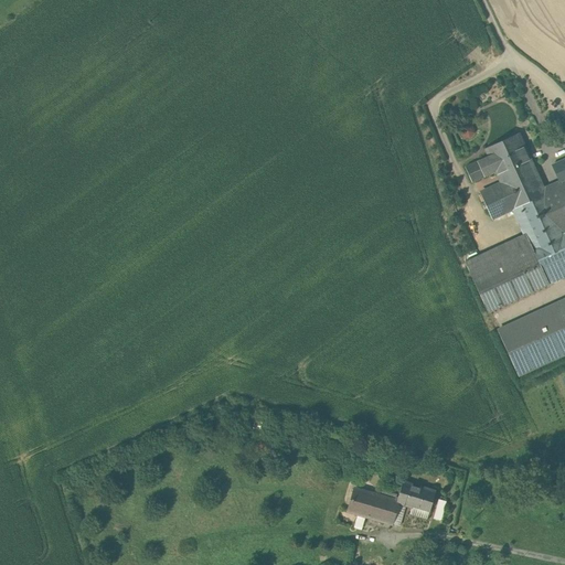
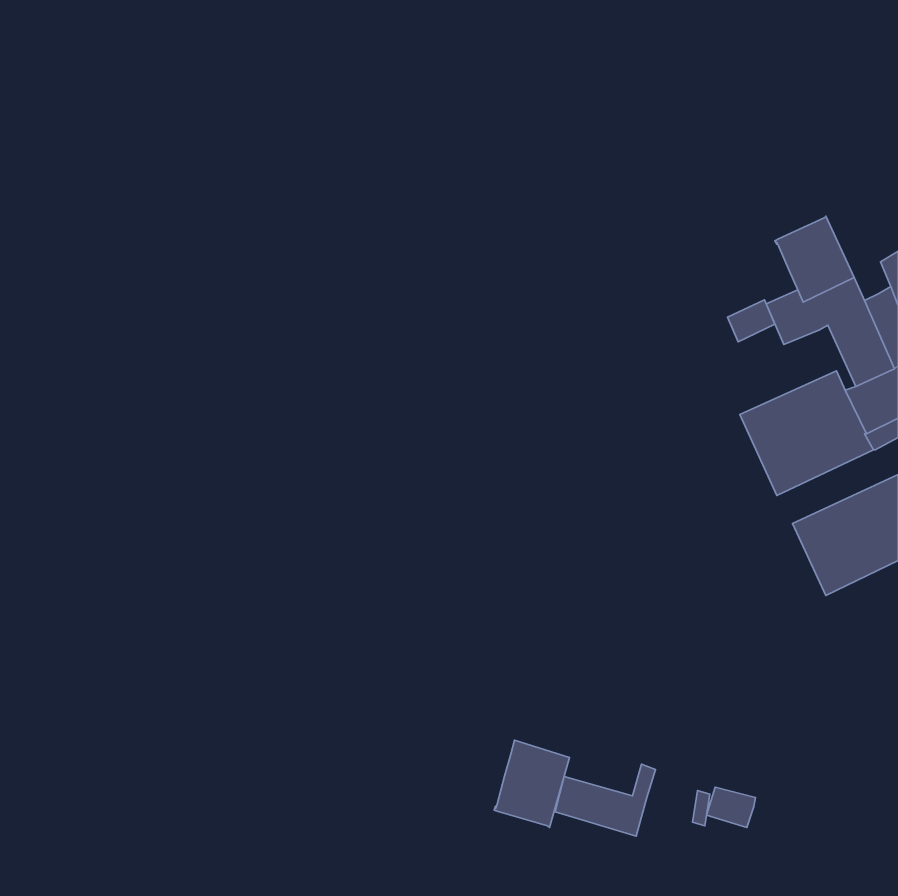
building: [466,154,495,181] -> [727,300,775,342]
building: none -> [494,740,570,827]
building: [406,483,437,509] -> [706,787,756,827]

